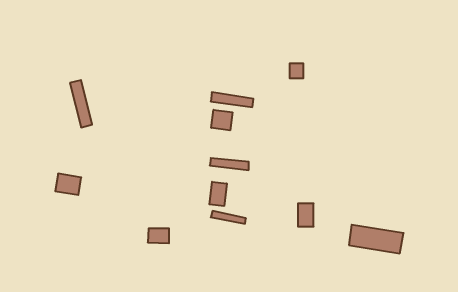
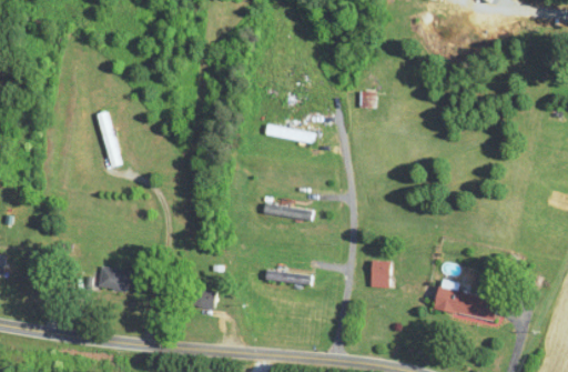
building: [211,110,232,130] -> none
building: [55,174,81,195] -> [98,265,129,291]
building: [209,182,227,206] -> none

